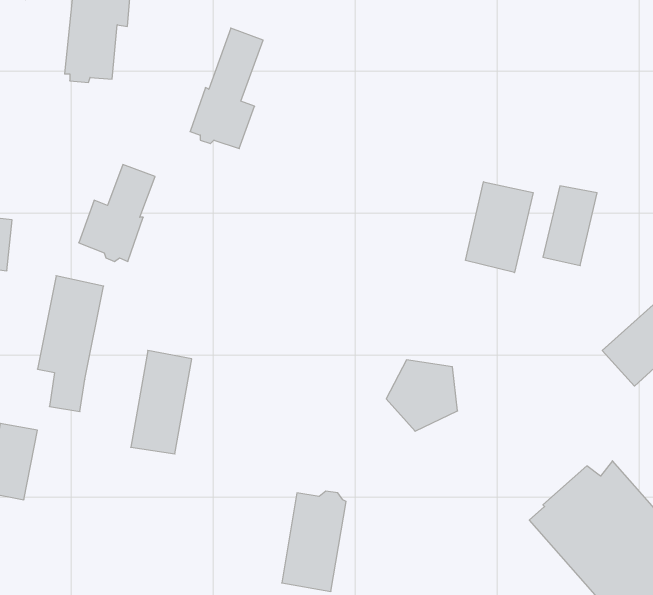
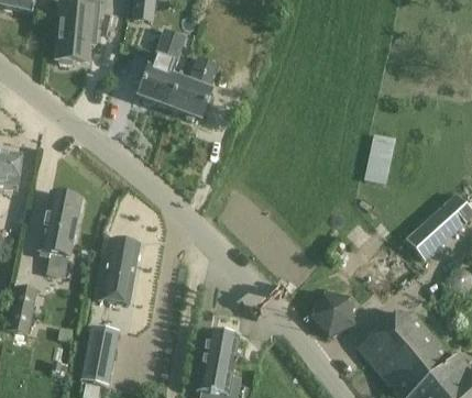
building: [79,165,155,261] -> [169,56,219,119]
building: [466,182,533,273] -> none
building: [386,360,458,431] -> [308,291,354,338]
building: none -> [80,324,119,384]

